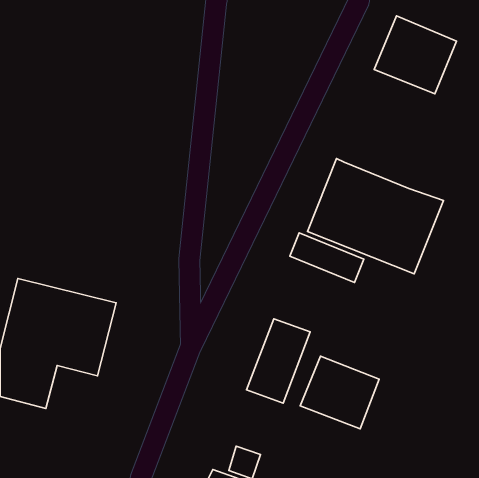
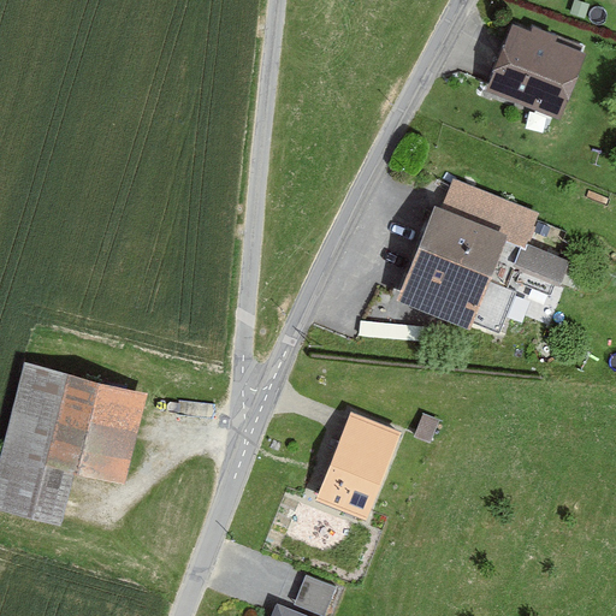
building: [290,233,364,282] -> [442,179,537,243]
building: [300,356,379,429] -> none

